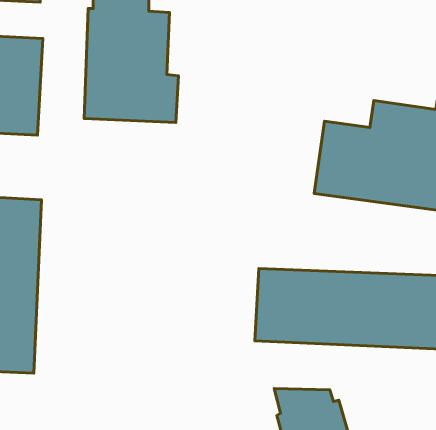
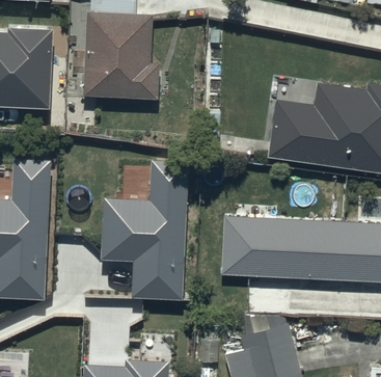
building: none -> [102,160,189,301]

